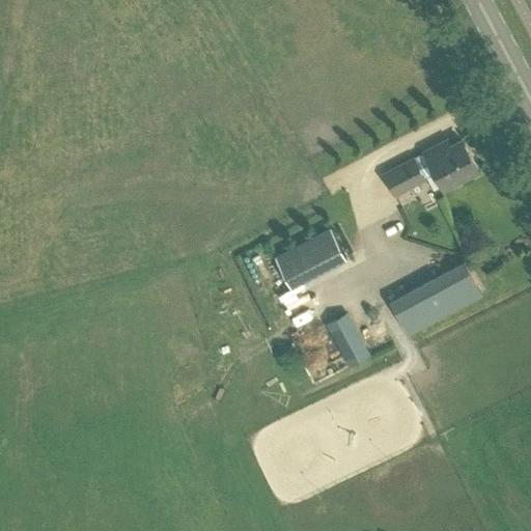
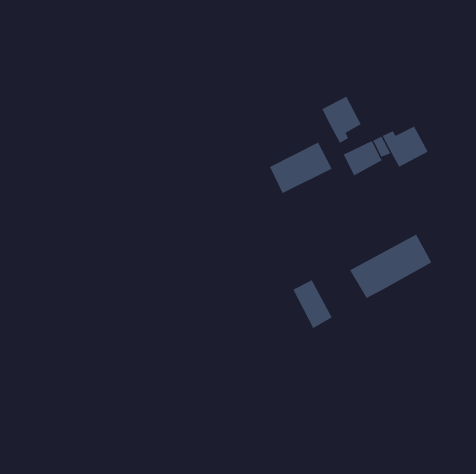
building: none -> [321,96,362,144]
building: [276,233,346,291] -> [269,142,332,194]

